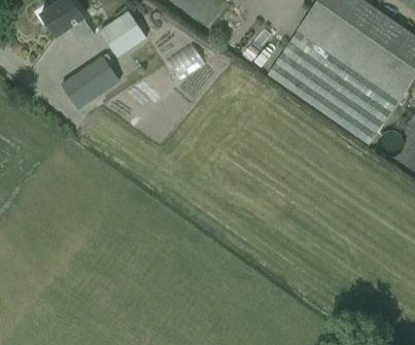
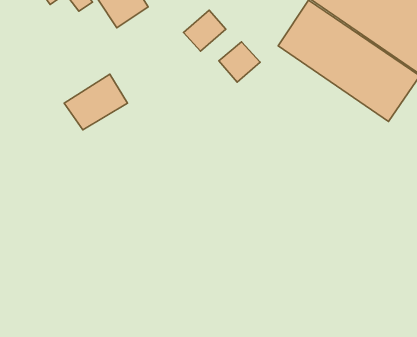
building: [60,56,118,107] -> [64,74,128,130]
building: none -> [219,42,260,82]

